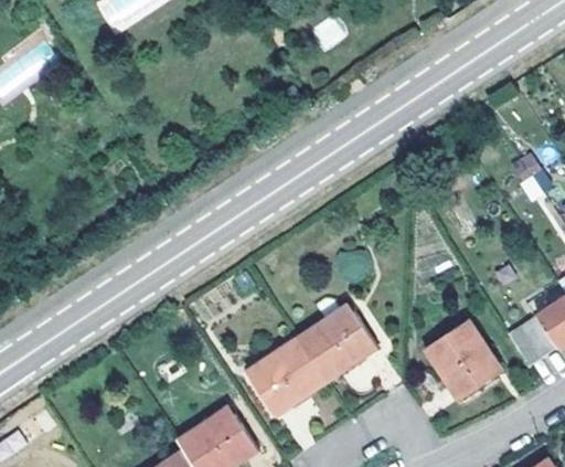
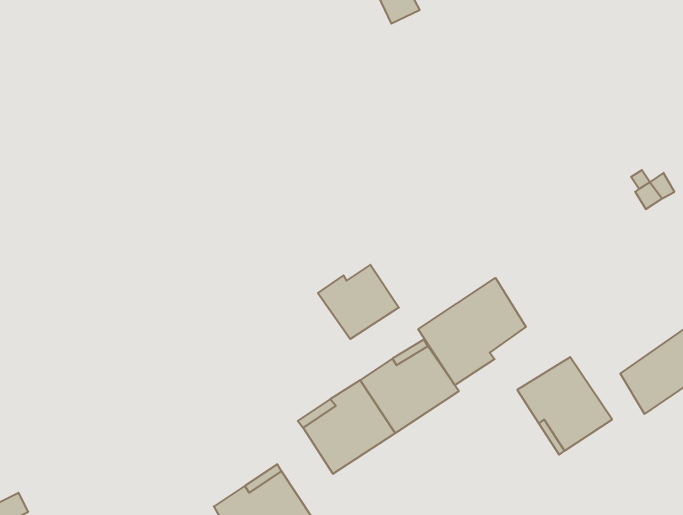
building: none -> [318,265,399,339]
building: none -> [418,278,526,385]

